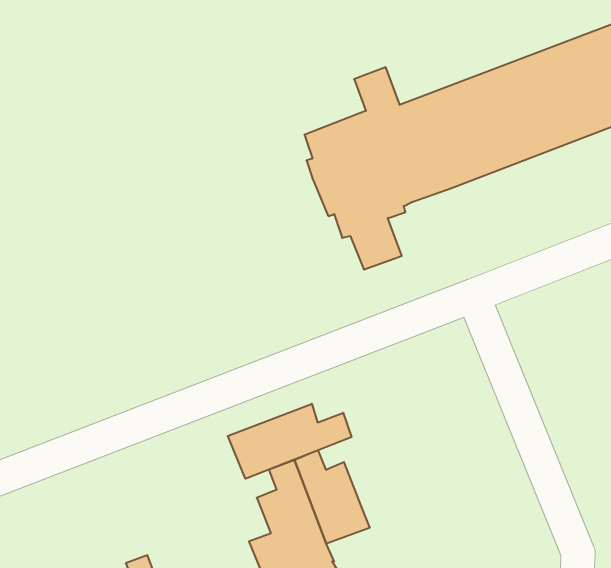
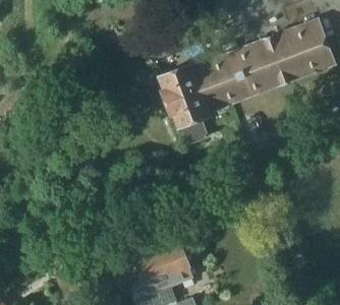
building: [228,404,352,479] -> none

